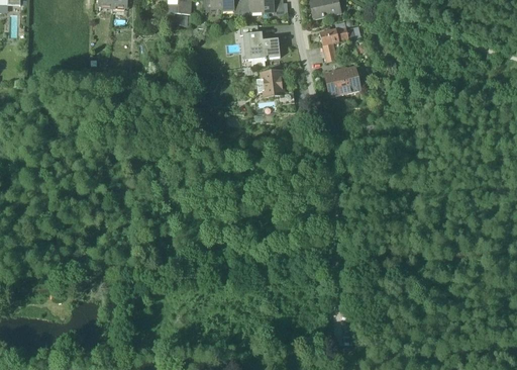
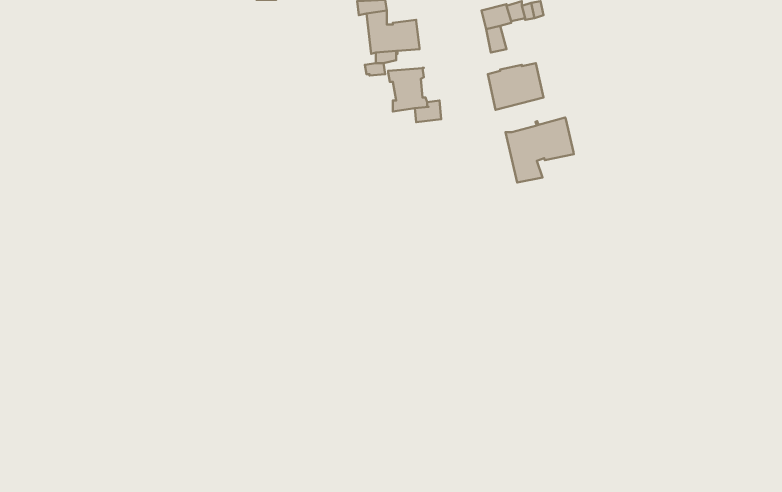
building: none -> [506,117,574,182]

